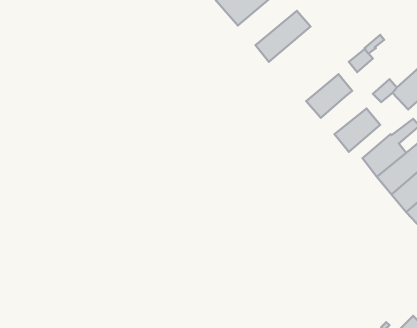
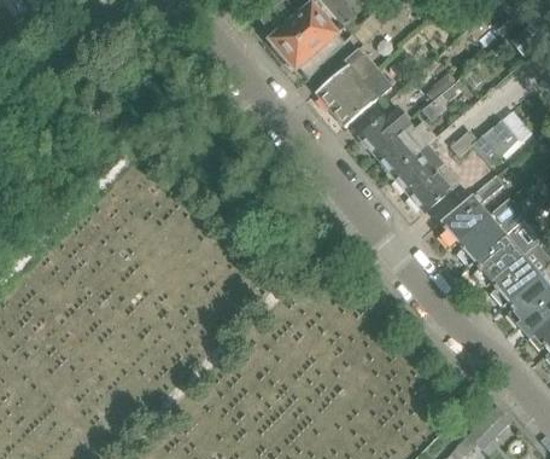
building: none -> [330,68,392,124]
building: none -> [358,104,411,155]
building: none -> [391,150,444,193]

